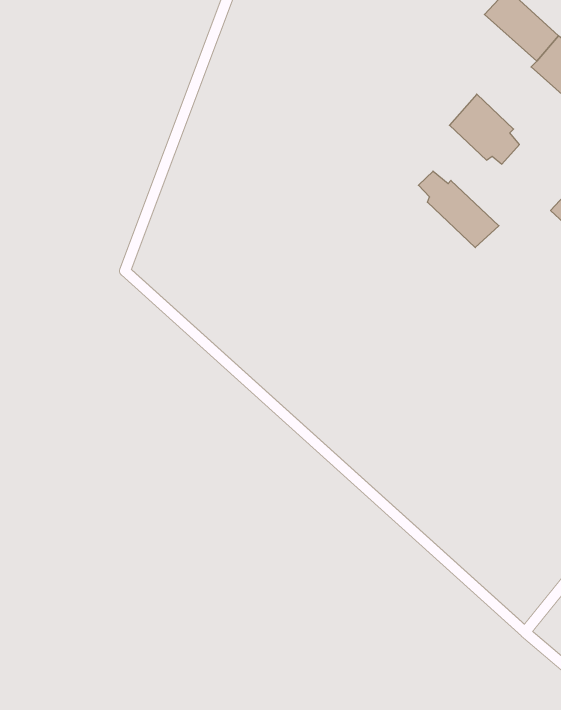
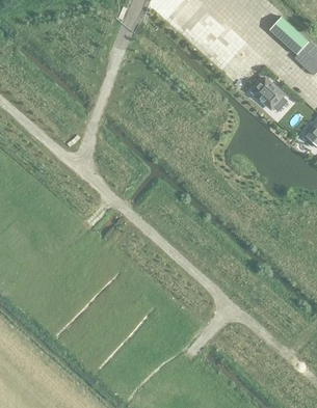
building: [418,171,499,248] -> none

